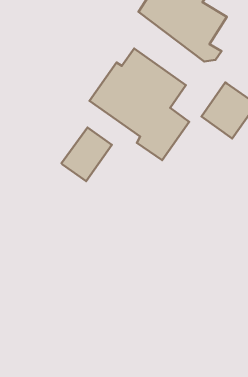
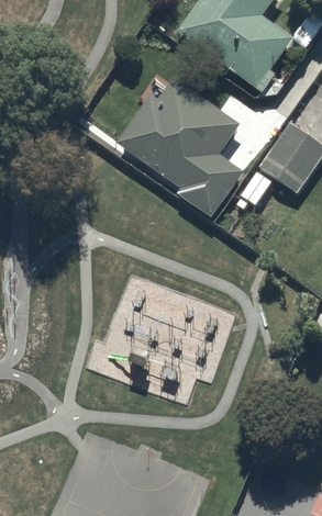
building: [62,128,112,181] -> none

